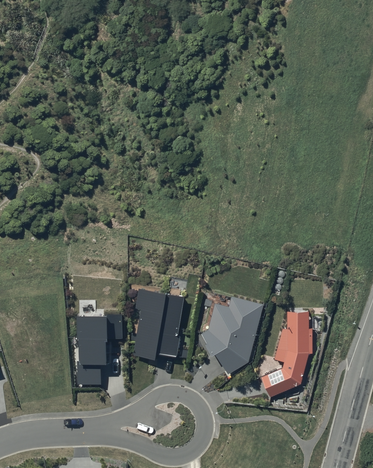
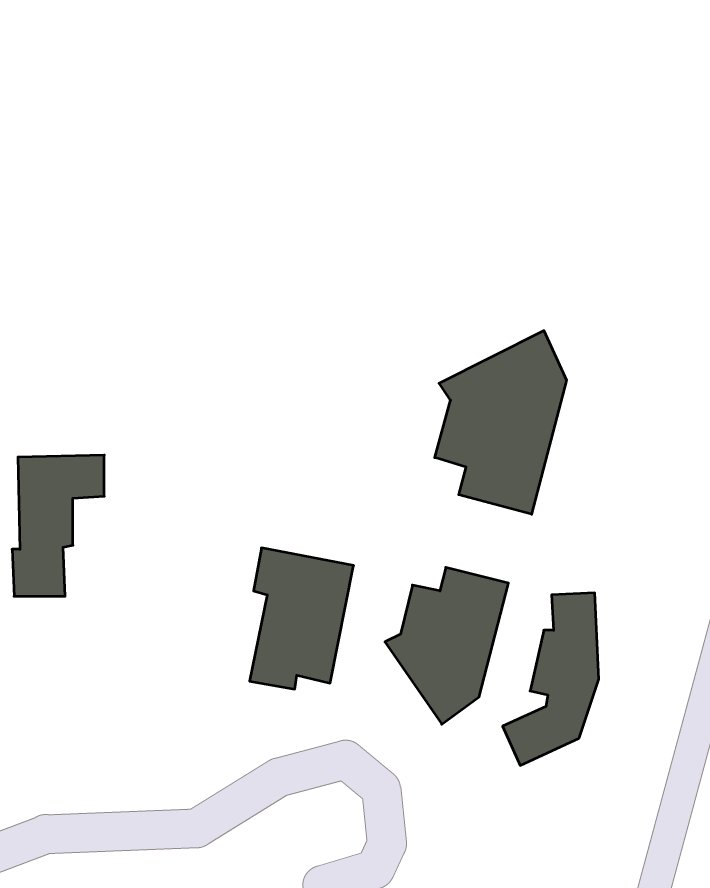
building: none -> [435,331,566,514]
building: [75,314,122,386] -> [12,455,104,596]

